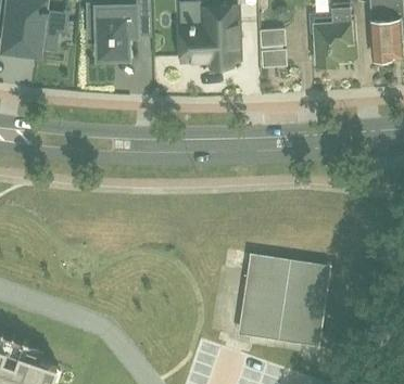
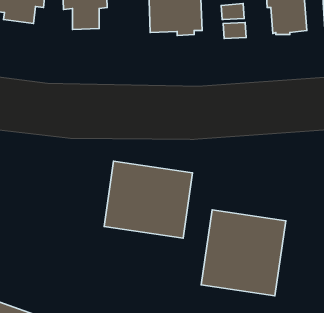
building: none -> [104,161,193,238]

